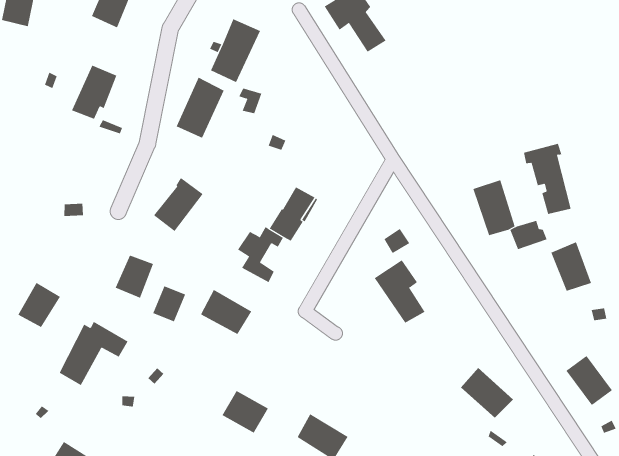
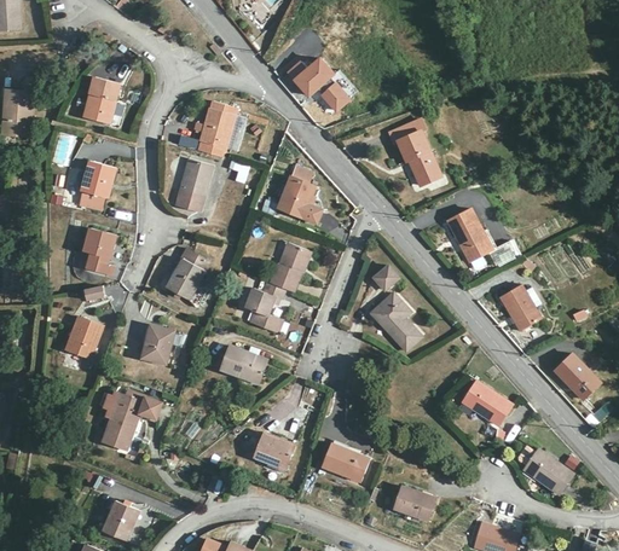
building: none -> [279,176,314,216]
building: none -> [85,227,115,274]
building: [523,143,572,215] -> [389,118,440,184]
building: [550,241,592,291] -> [499,283,540,329]
building: [18,282,61,328] -> [66,317,103,356]
building: [153,286,186,322] -> none

